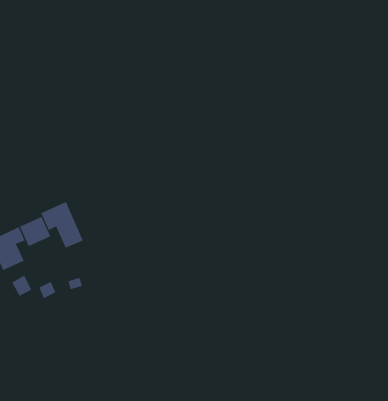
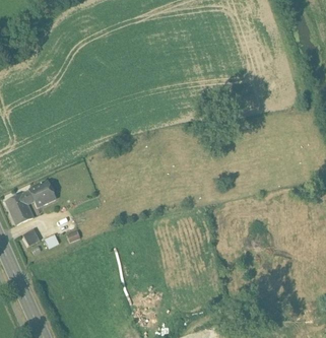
building: [41,201,84,249] -> none

